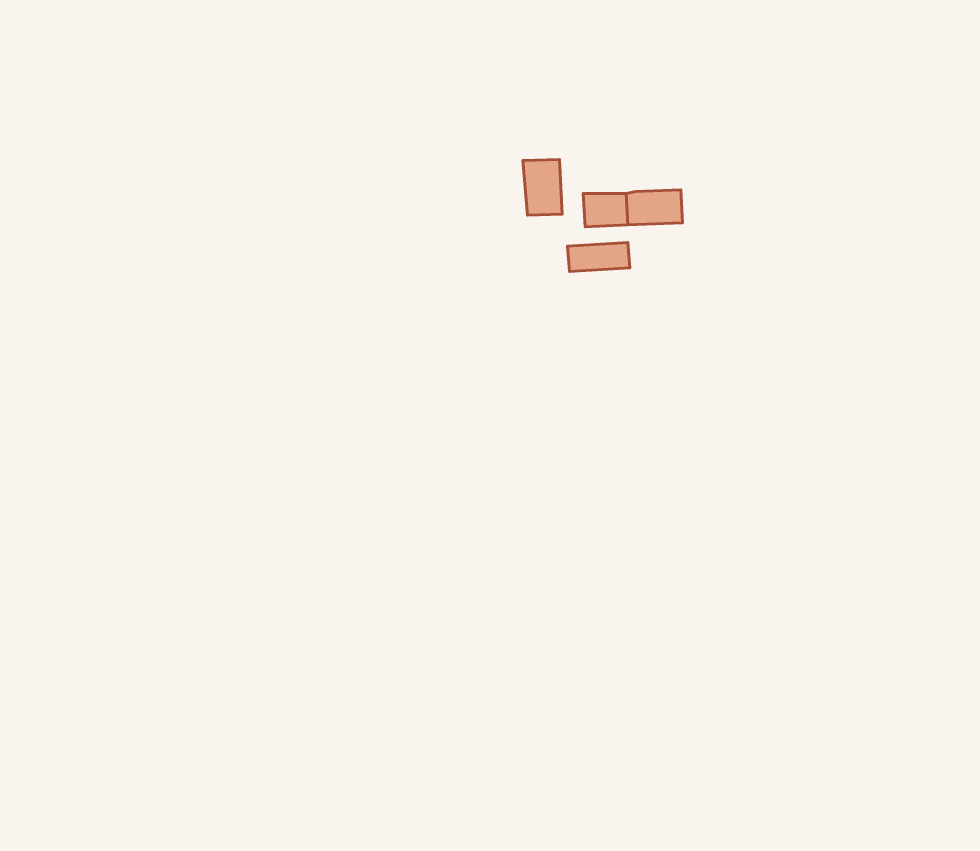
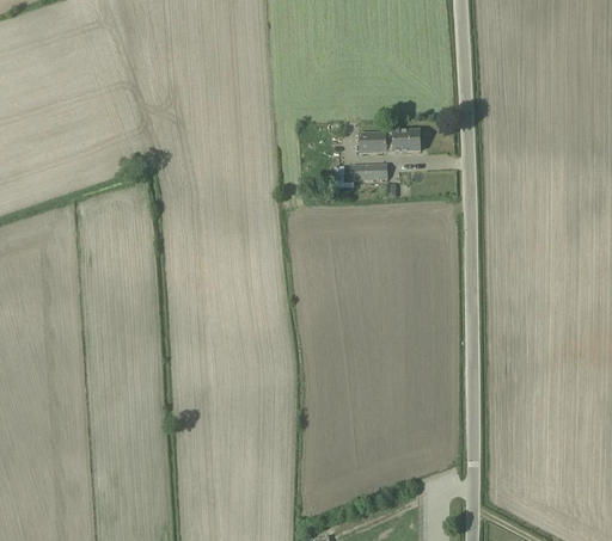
building: [523,159,562,215] -> none

